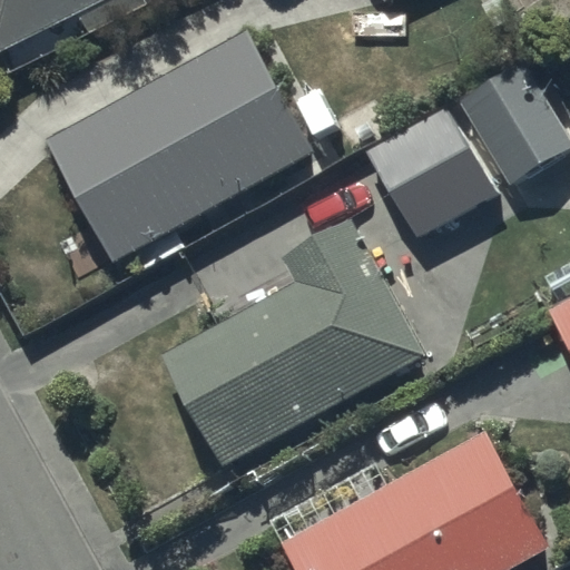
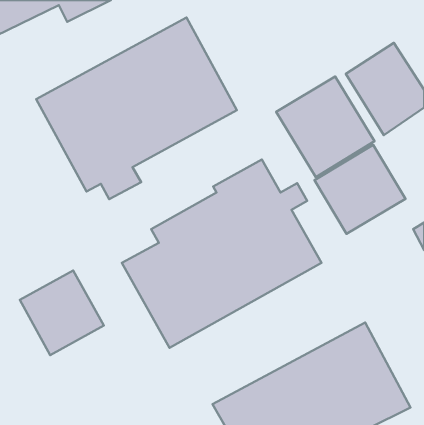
building: none -> [315,145,406,234]
building: none -> [20,271,104,355]

